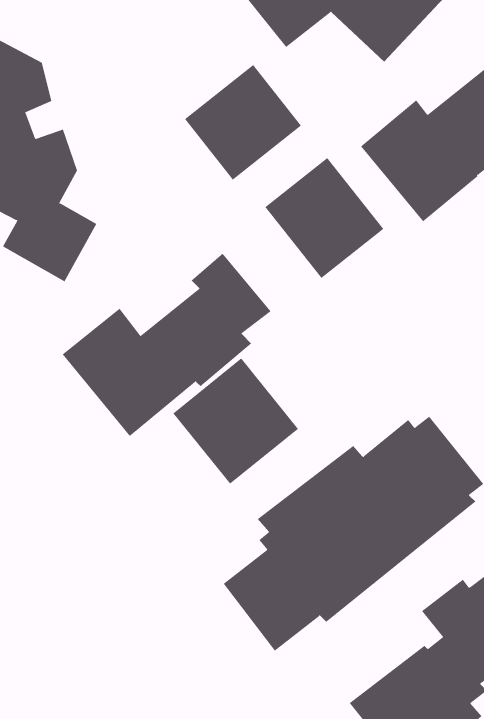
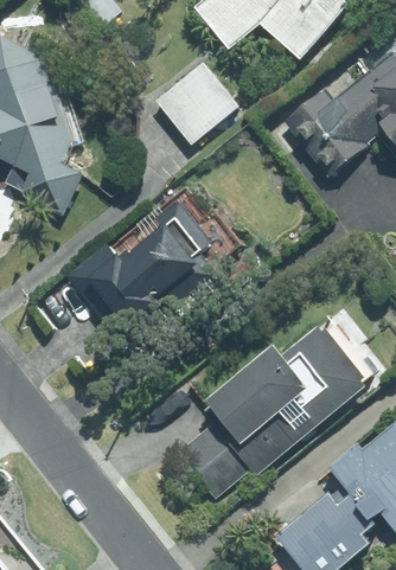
building: [265,157,384,279] -> none
building: [172,358,299,485] -> none

